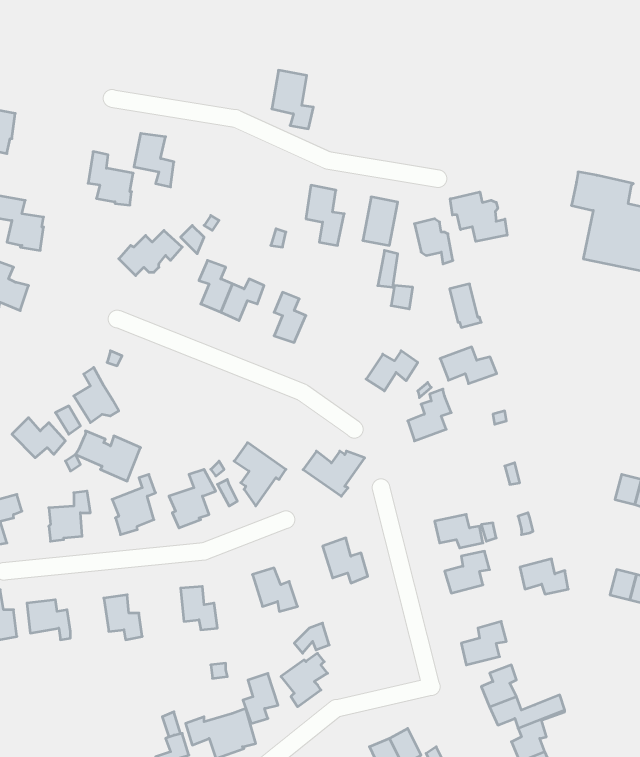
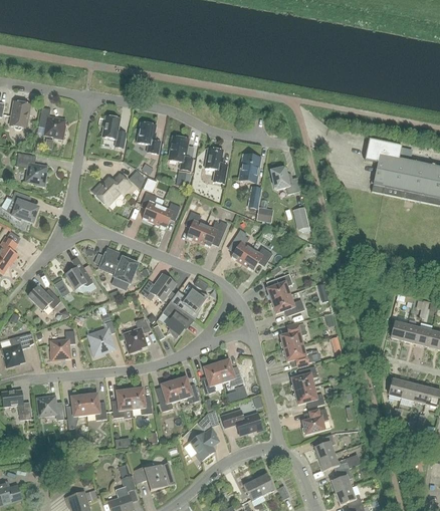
building: [272,70,313,129] -> [168,136,193,171]
building: none -> [137,121,160,154]
building: [88,152,133,205] -> [38,106,65,139]
building: [450,192,507,241] -> none
building: none -> [198,221,227,246]
building: none -> [231,229,251,263]
building: [440,347,497,384] -> [270,293,304,315]
building: none -> [140,273,176,300]
building: [75,431,141,481] -> [98,253,138,283]
building: [303,451,365,496] -> [170,290,207,317]
building: none -> [279,323,304,348]
building: none -> [201,363,221,394]
building: [520,559,568,594] -> [292,387,321,408]
building: none -> [112,389,132,418]
building: none -> [66,395,86,428]
building: none -> [221,410,262,435]
building: [243,673,278,723] -> [158,380,179,411]

